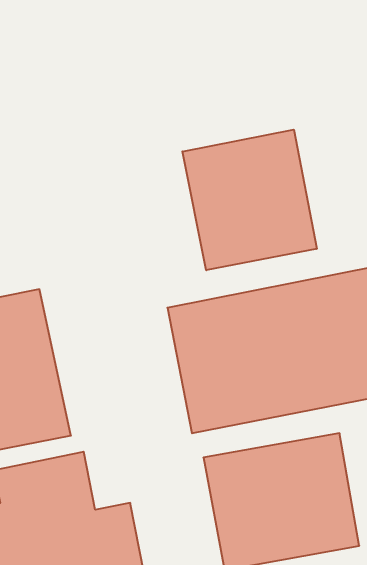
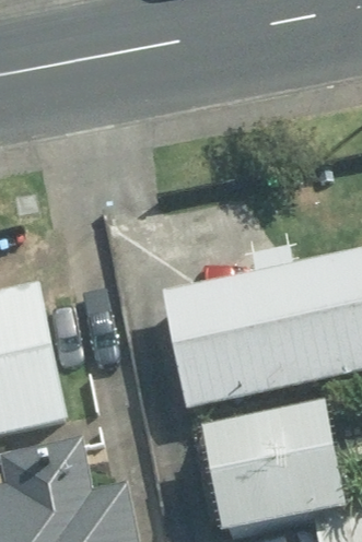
building: [182,130,317,270] -> none

